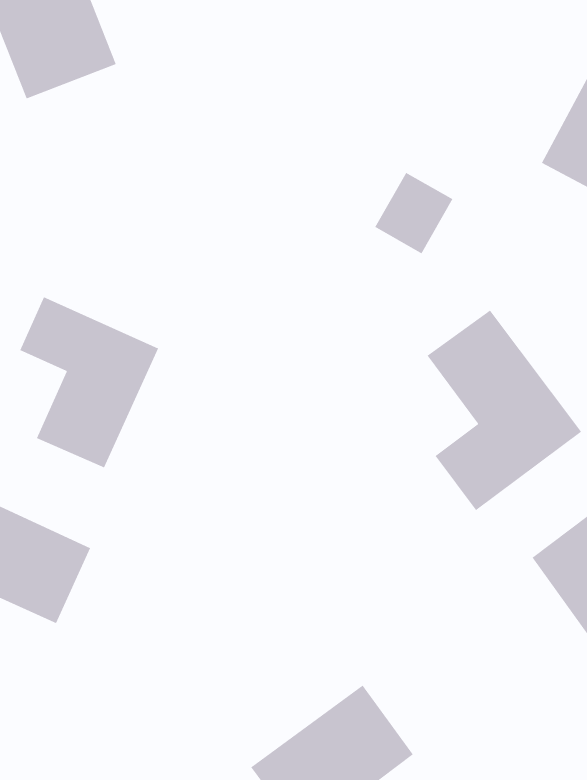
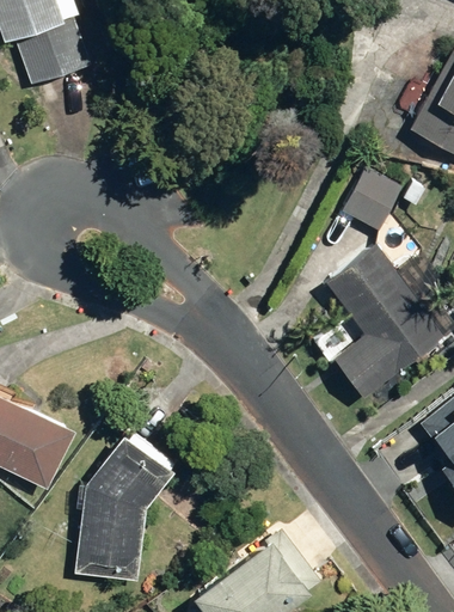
building: [374,172,454,254] -> [339,177,399,239]
building: [19,296,159,468] -> none
building: none -> [72,432,176,581]

